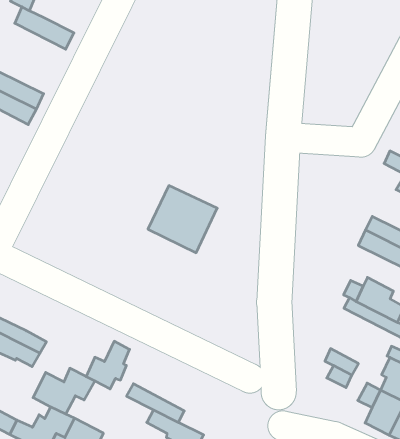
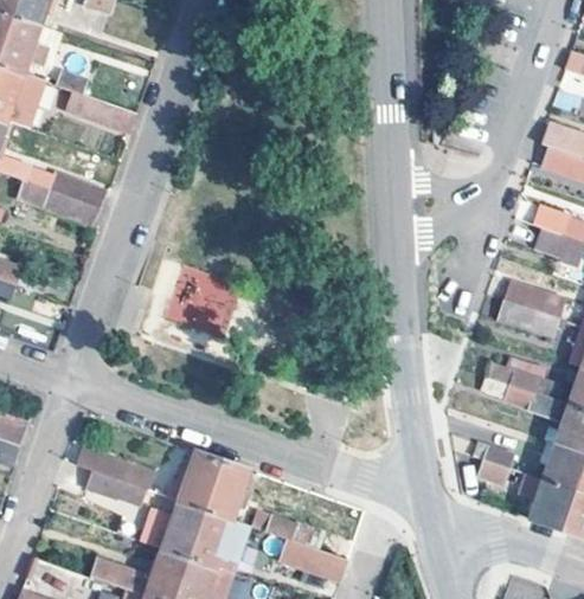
building: [148,186,217,253] -> [163,264,240,337]
building: none -> [167,453,227,509]
building: none -> [182,513,245,572]

